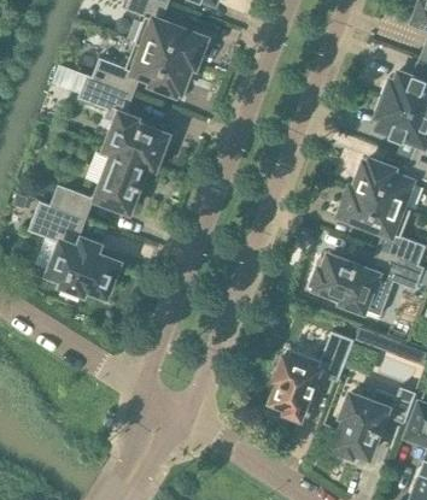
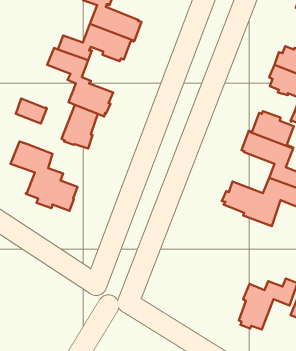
building: [51,184,93,218] -> [16,99,47,124]
building: [270,331,353,418] -> none

